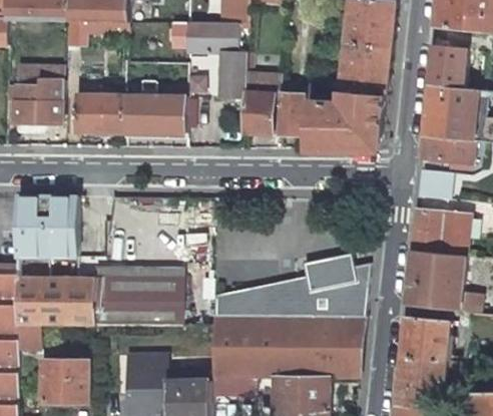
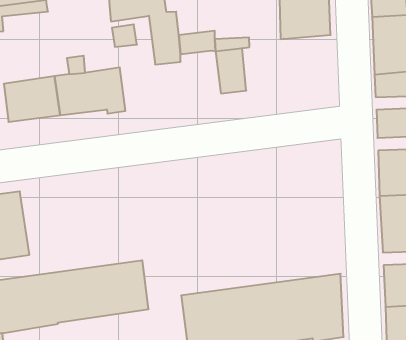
building: [242,91,274,134] -> none
building: [308,91,387,150] -> none
building: [211,253,369,318] -> none

